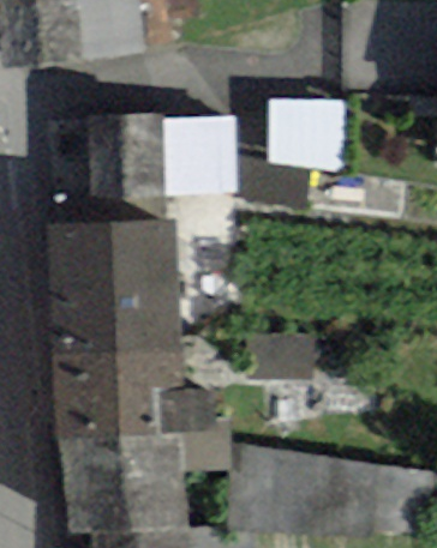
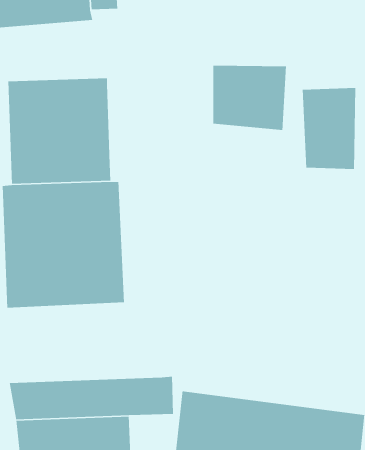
building: [158,116,238,193] -> none
building: none -> [302,87,356,170]
building: [52,349,215,433] -> none

